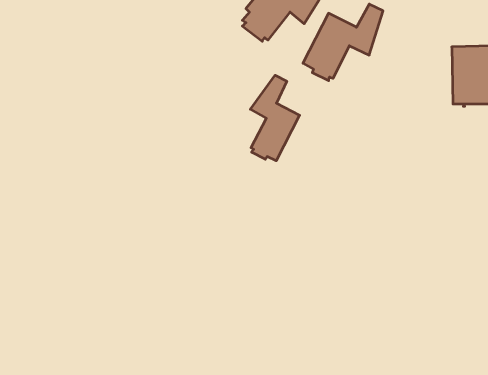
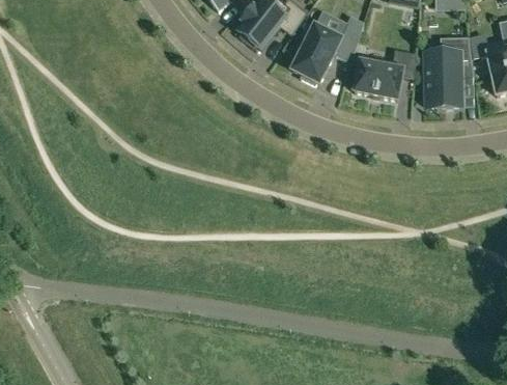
building: none -> [349,49,415,100]
building: [250,75,300,161] -> none

